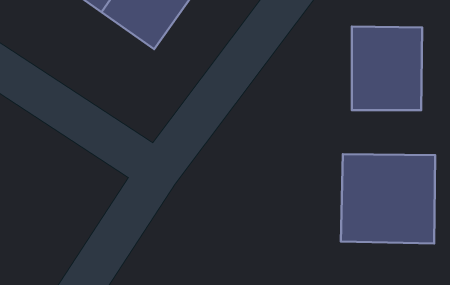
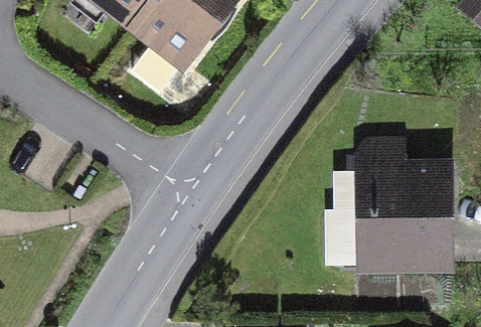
building: [352,27,422,110] -> none

